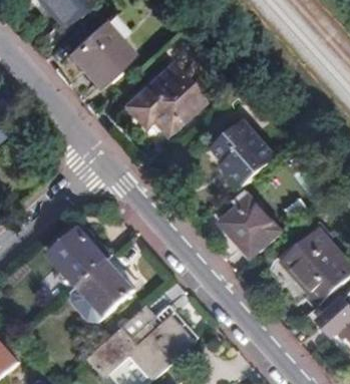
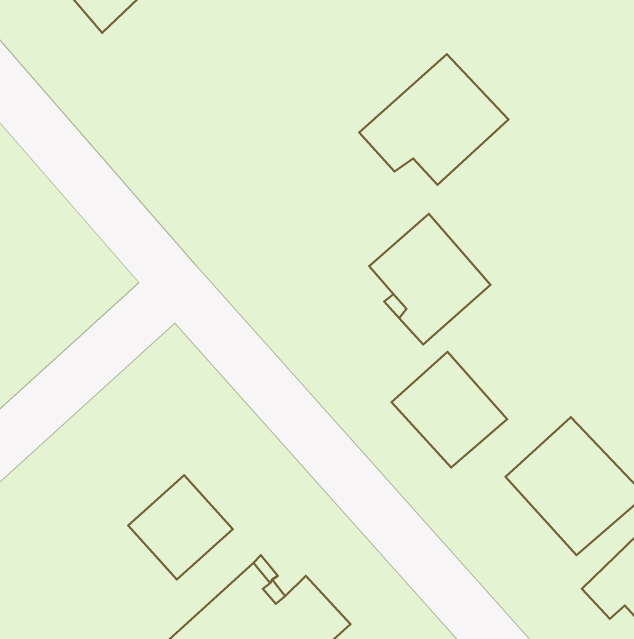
building: [67,21,131,85] -> none
building: [123,66,204,136] -> [359,54,508,185]
building: [51,230,107,287] -> none

